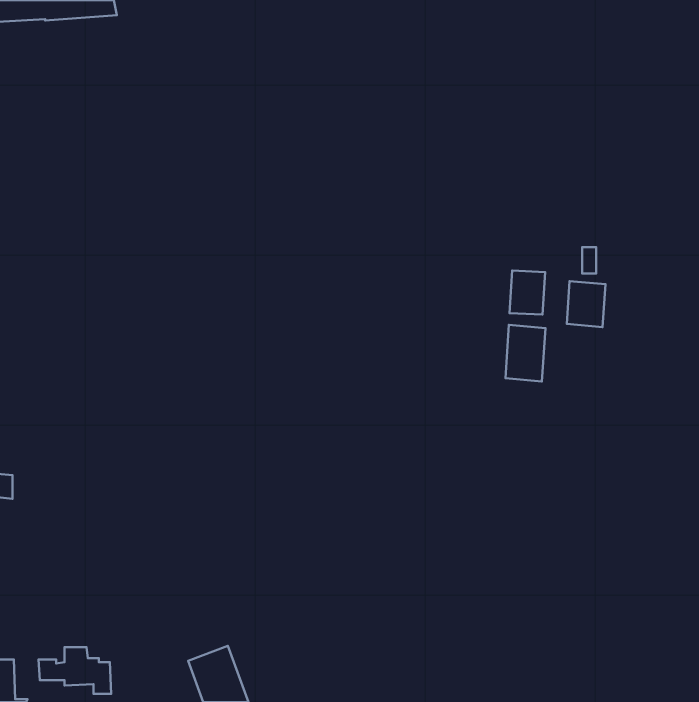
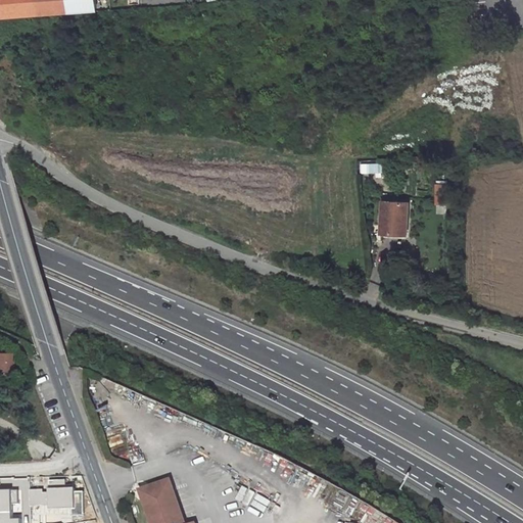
building: [567,281,605,327] -> none
building: [505,325,545,381] -> none

